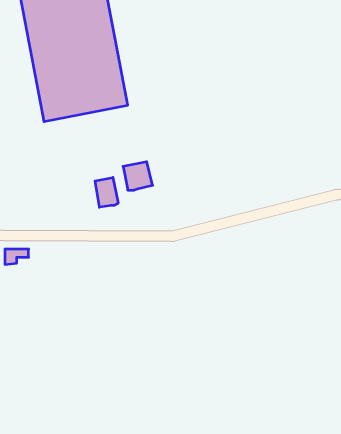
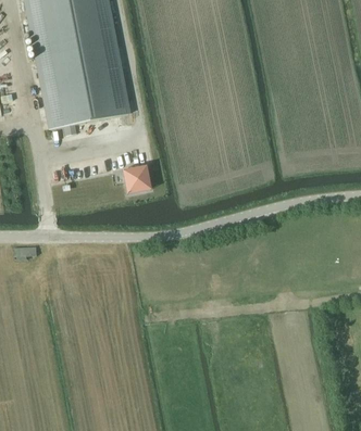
building: [95,177,118,207] -> none

